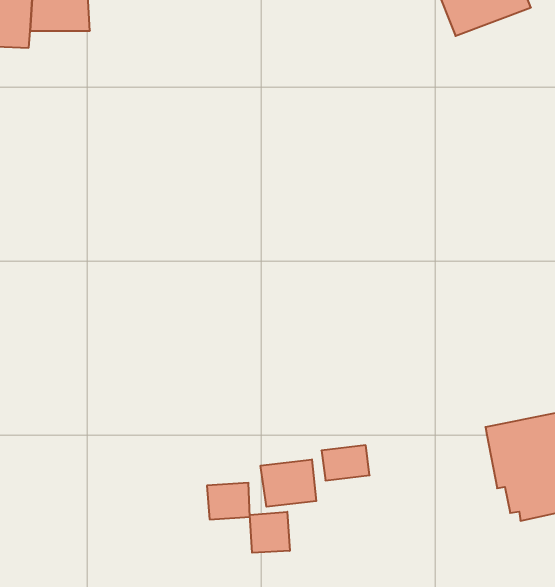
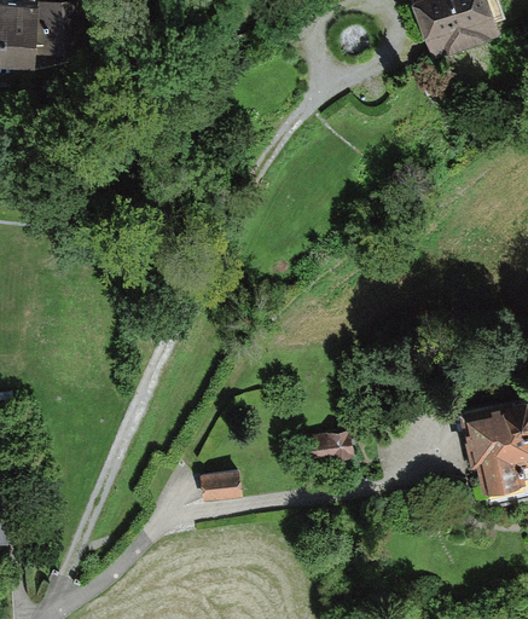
building: [261,459,316,507] -> none
building: [250,512,290,553] -> none

